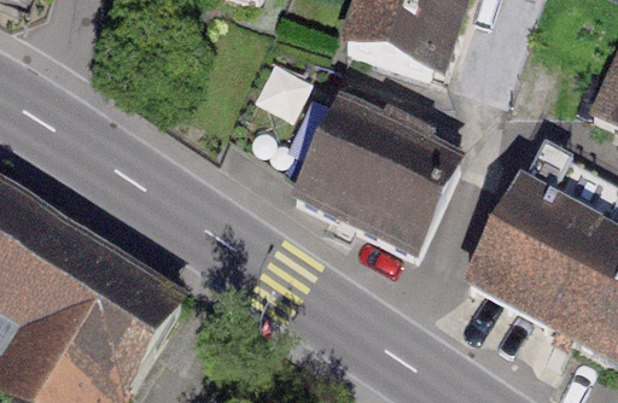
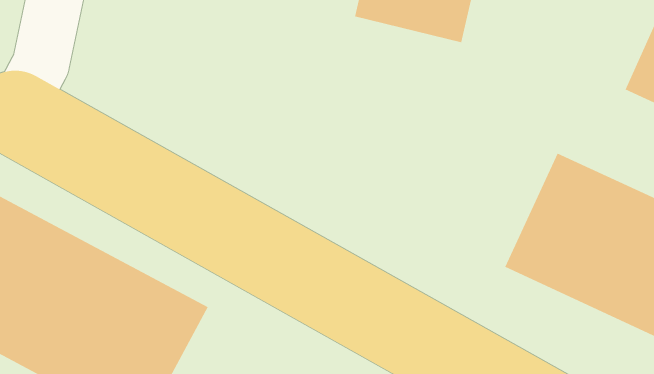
building: [290,89,465,253] -> none

